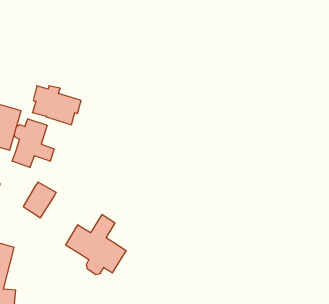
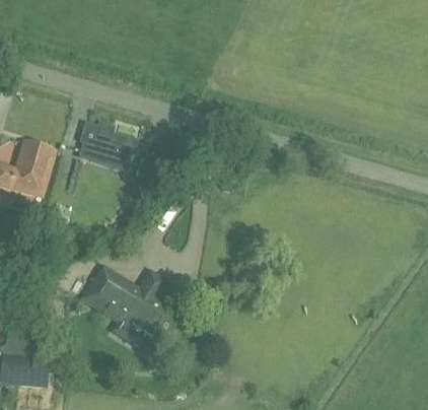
building: [12,119,54,168] -> none
building: [23,182,56,218] -> [86,264,125,305]

